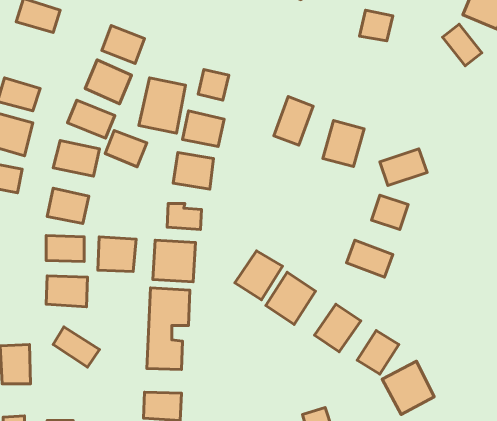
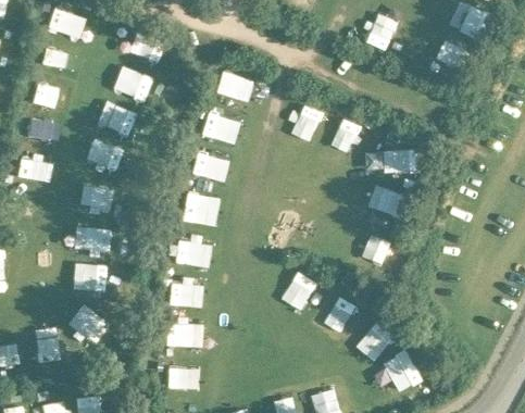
building: [139,78,186,133] -> none
building: [105,130,147,167] -> none
building: [98,237,136,271] -> none
building: [235,251,283,300] -> none

